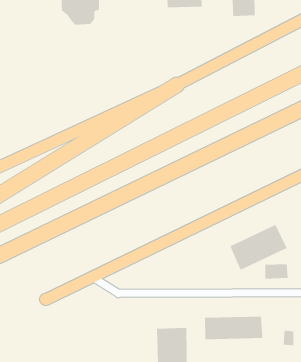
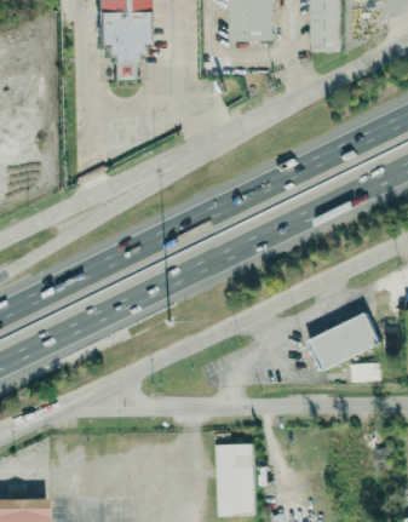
building: [205,316,263,340] -> none

